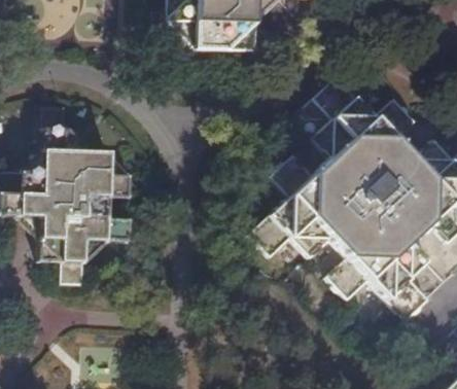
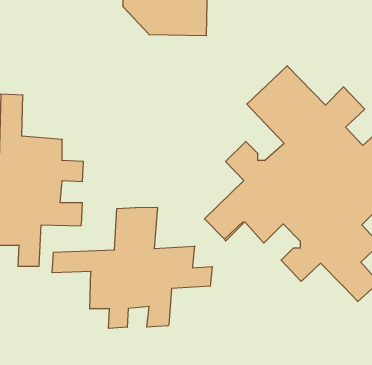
building: none -> [52,207,212,328]

